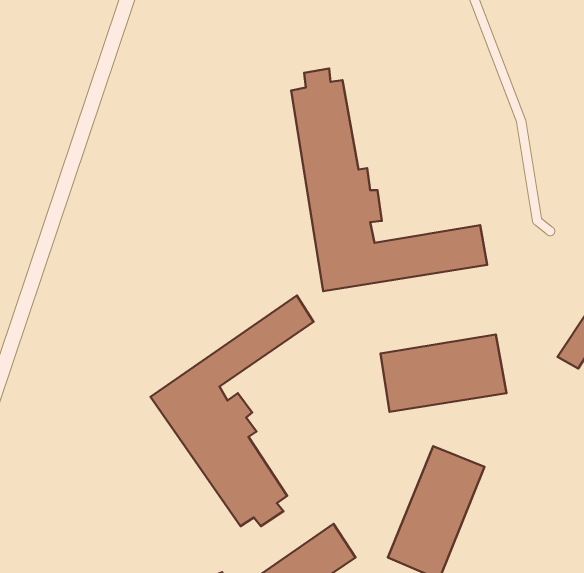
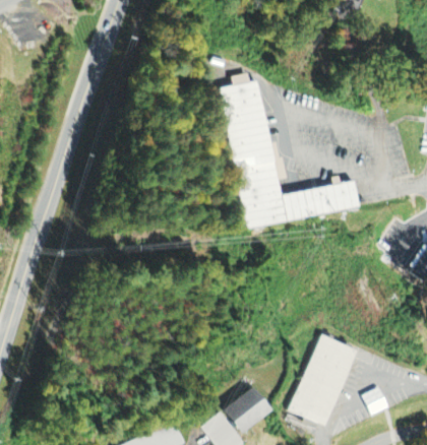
building: [151,296,314,526] -> none
building: [380,334,506,412] -> none

